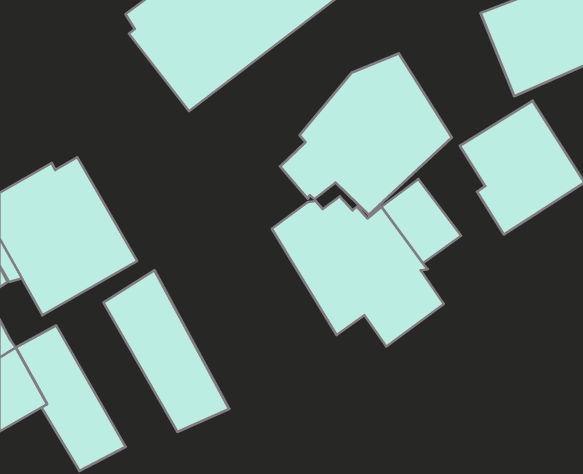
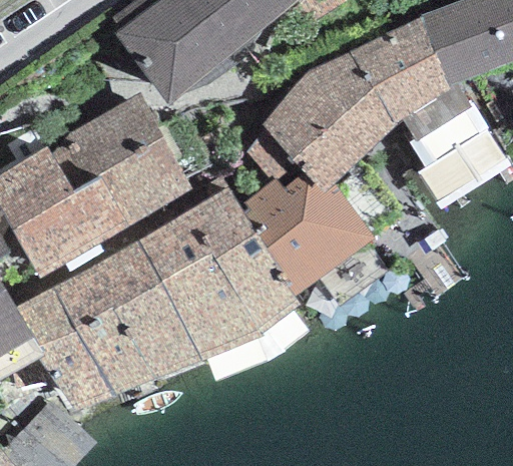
building: none -> [350,16,450,124]
building: none -> [67,92,191,231]
building: none -> [137,184,302,360]
building: none -> [52,268,157,393]

